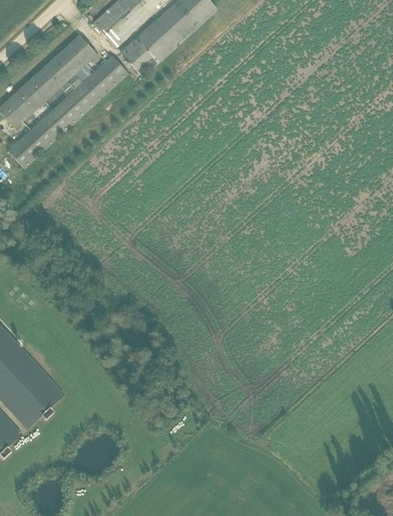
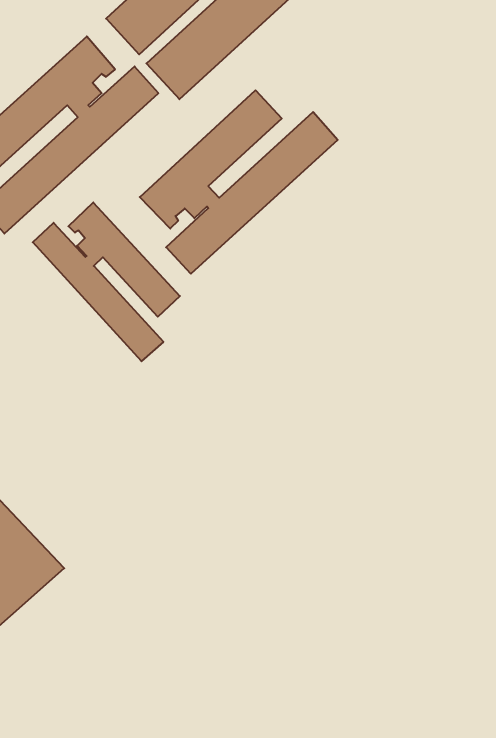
building: none -> [140,90,338,274]
building: none -> [33,202,180,361]

